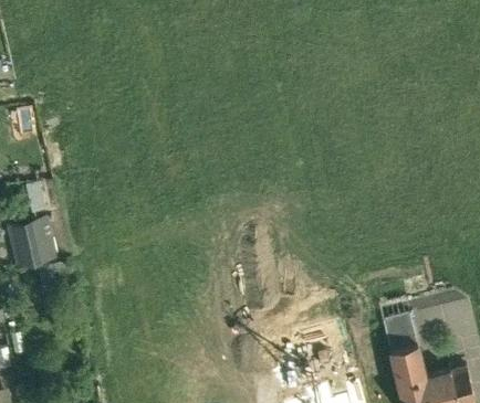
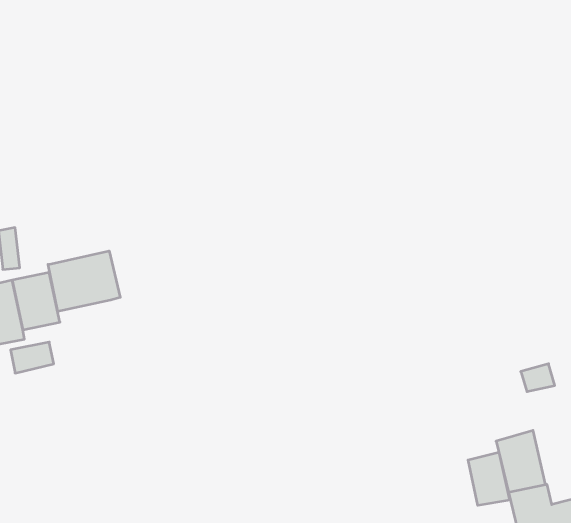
building: none -> [48,251,120,311]
building: none -> [468,452,510,505]

